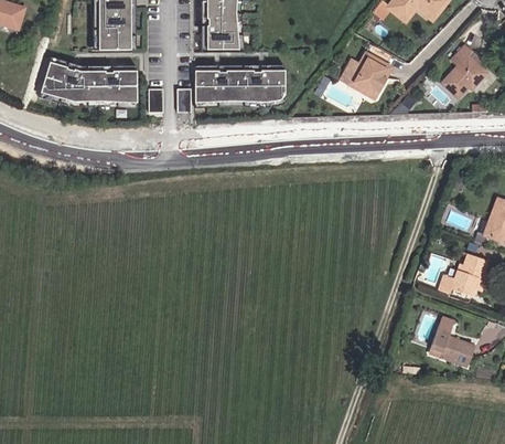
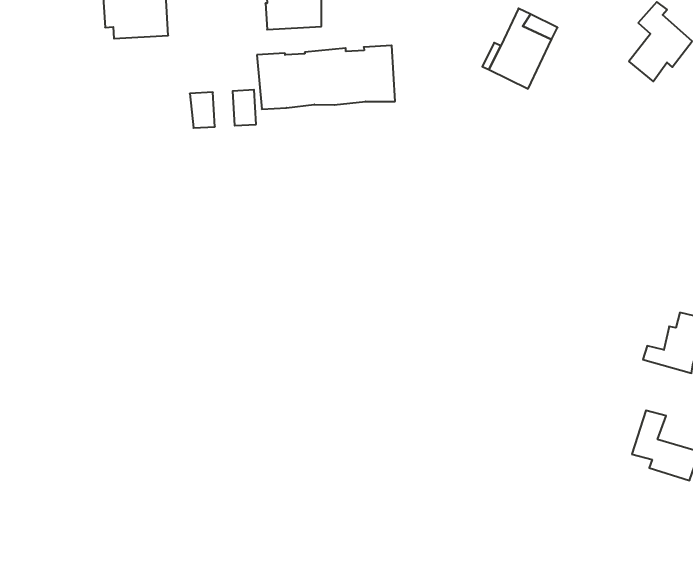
building: [41,57,137,104] -> none

